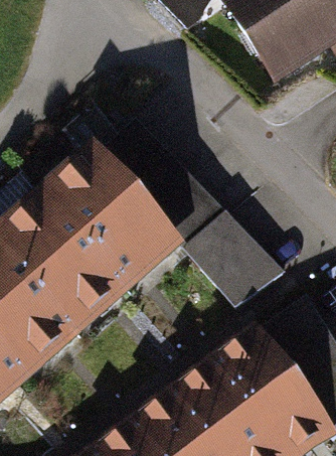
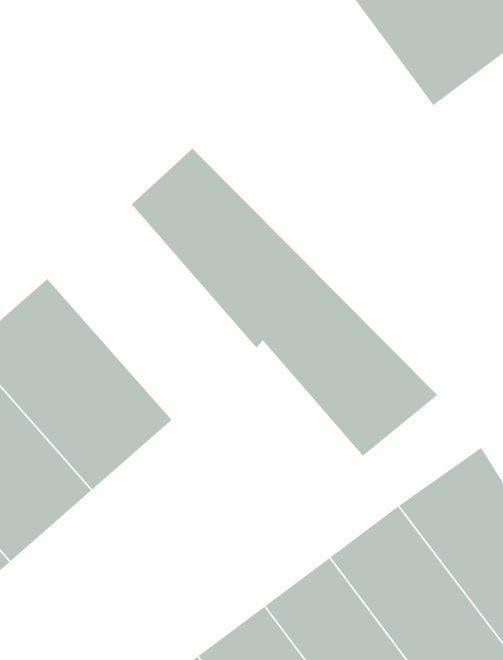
building: [47,155,173,285] -> none

